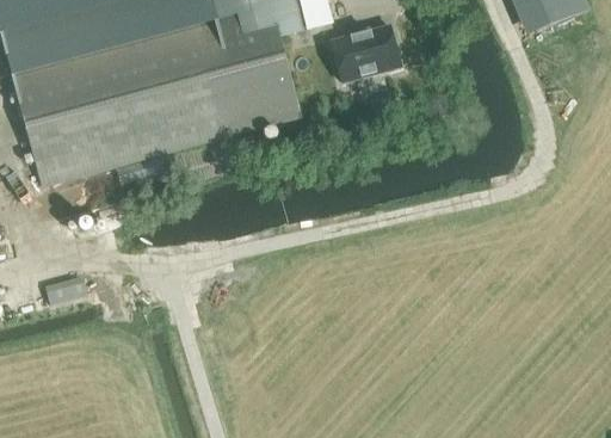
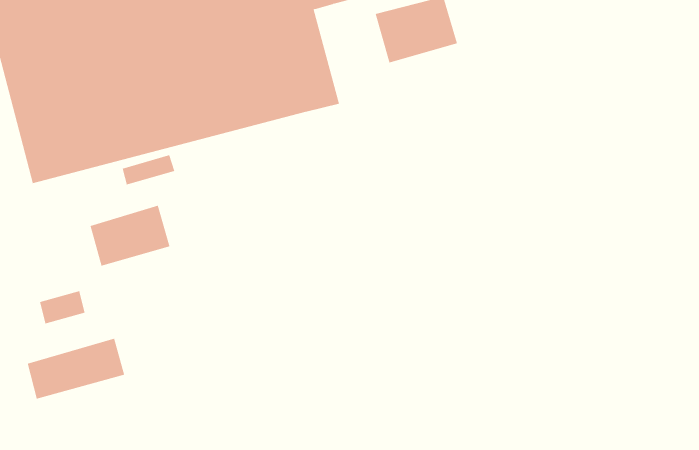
building: none -> [90,205,170,266]
building: none -> [27,338,125,399]

